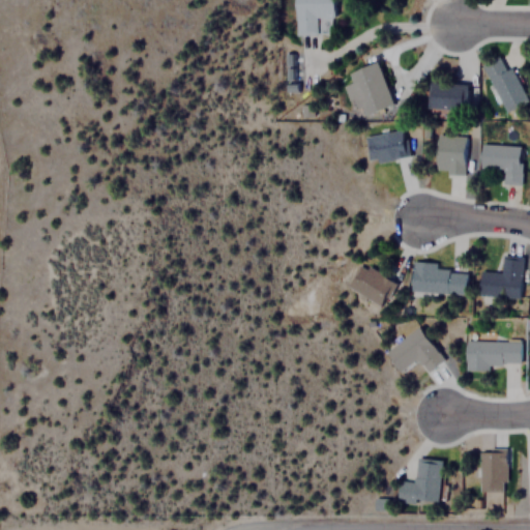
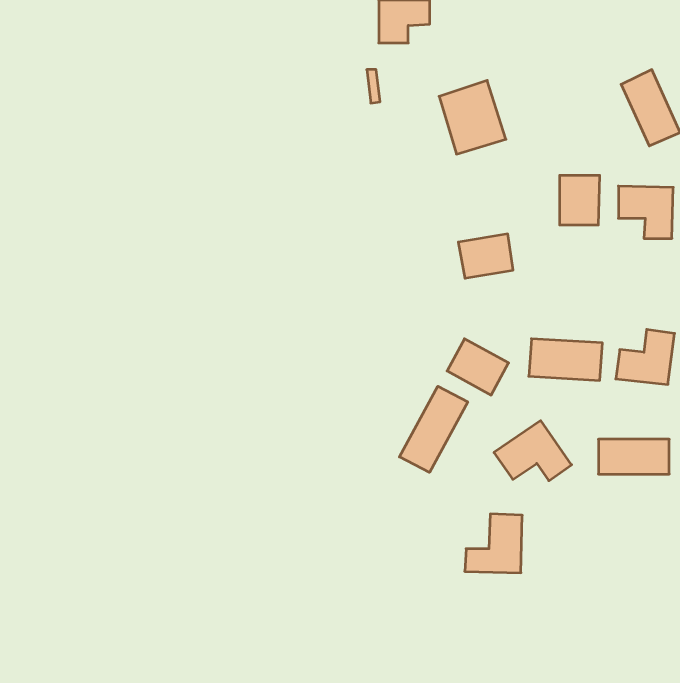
building: [429,86,468,112] -> none
building: [365,131,408,166] -> [458,234,513,278]
building: none -> [399,386,468,472]
building: [480,448,509,492] -> none
building: [398,459,442,504] -> [465,514,522,573]

